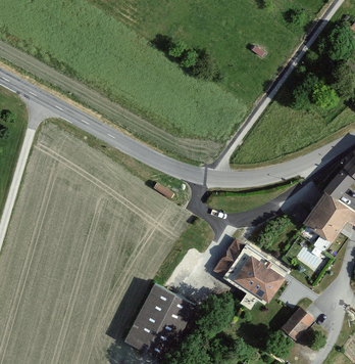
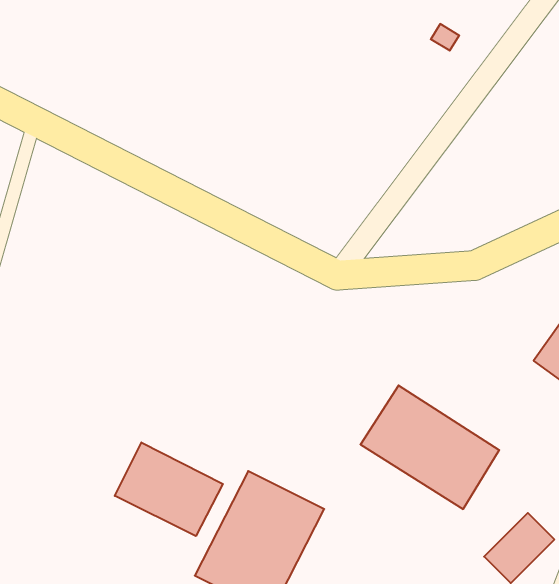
building: none -> [115,442,223,536]

